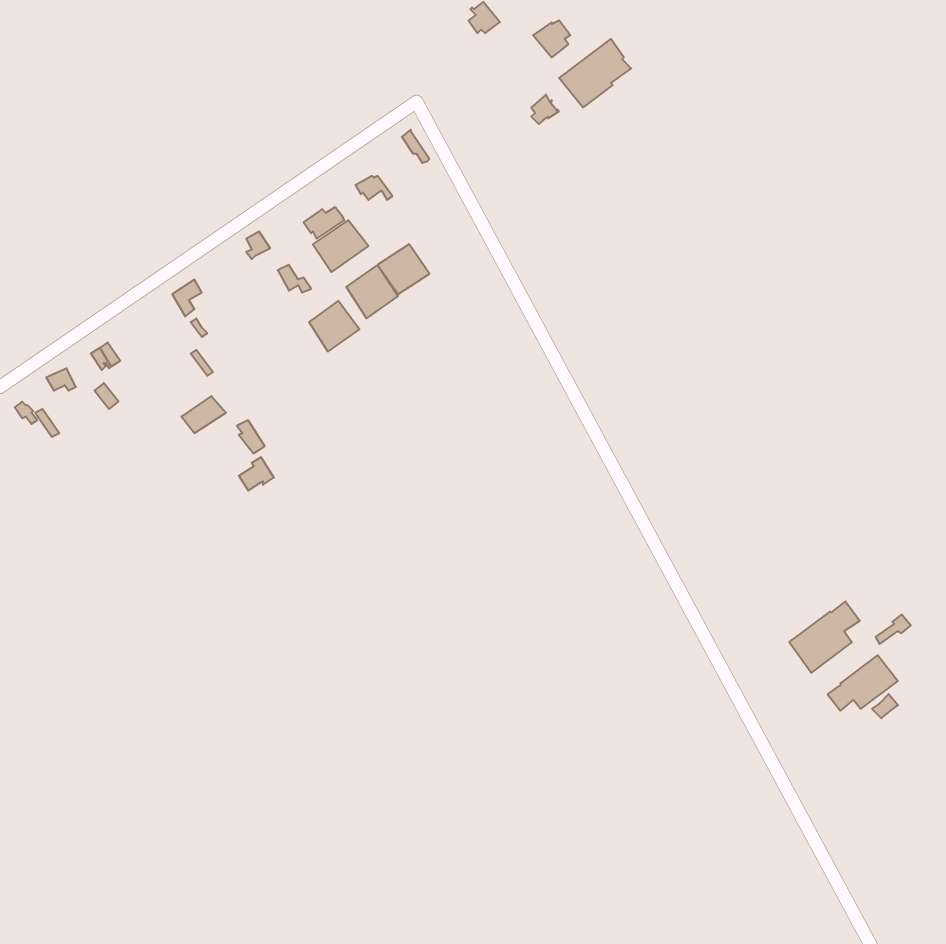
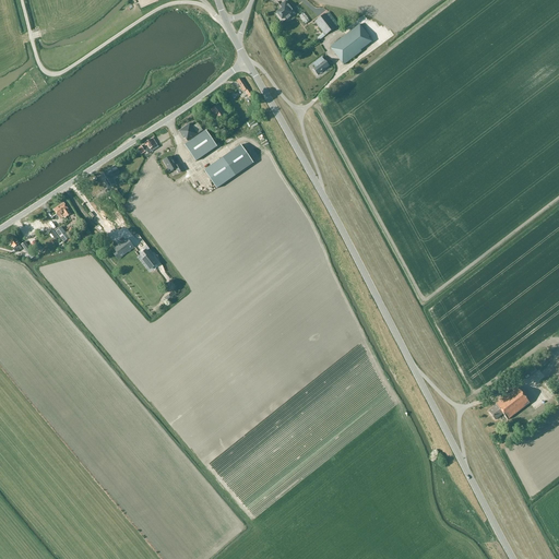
building: [309,301,359,352] -> none
building: [789,601,860,673] -> none

